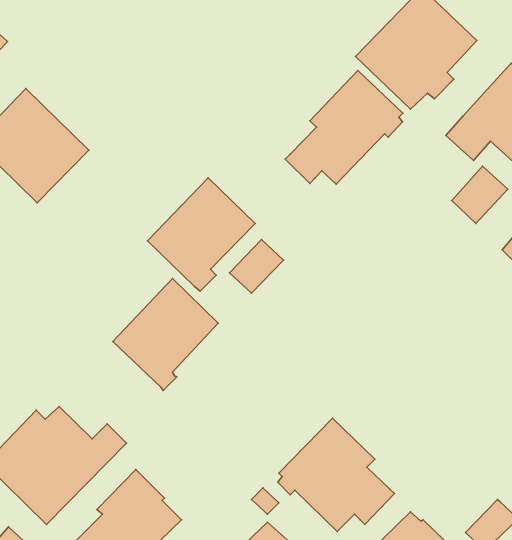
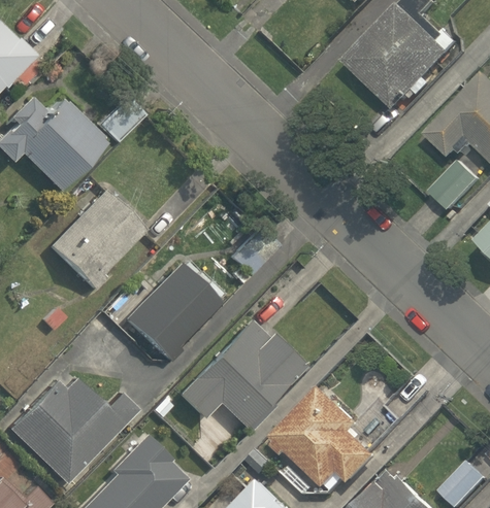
building: [285,71,403,184] -> none
building: [147,178,255,291] -> [44,189,141,291]
building: none -> [177,318,305,427]

